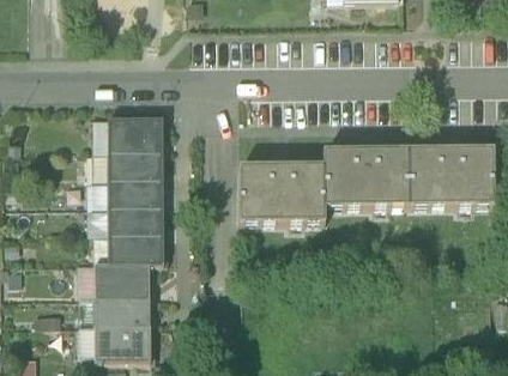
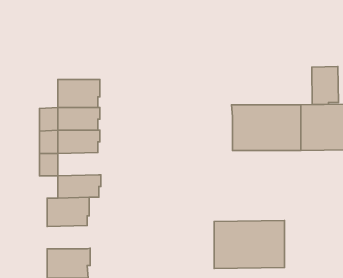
building: none -> [312,67,338,105]
building: [238,162,325,220] -> [214,221,284,268]
building: [110,206,163,235] -> none
building: [97,296,149,325] -> none

